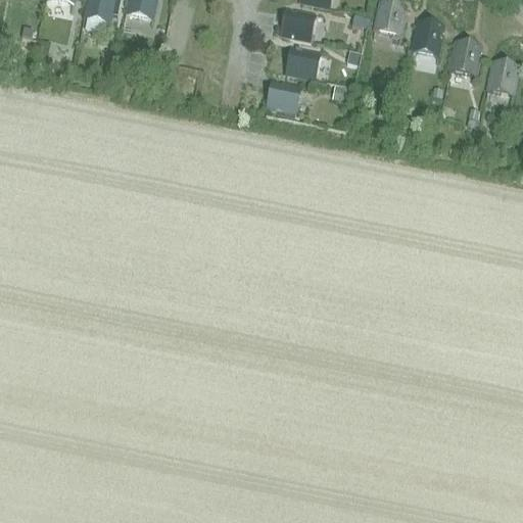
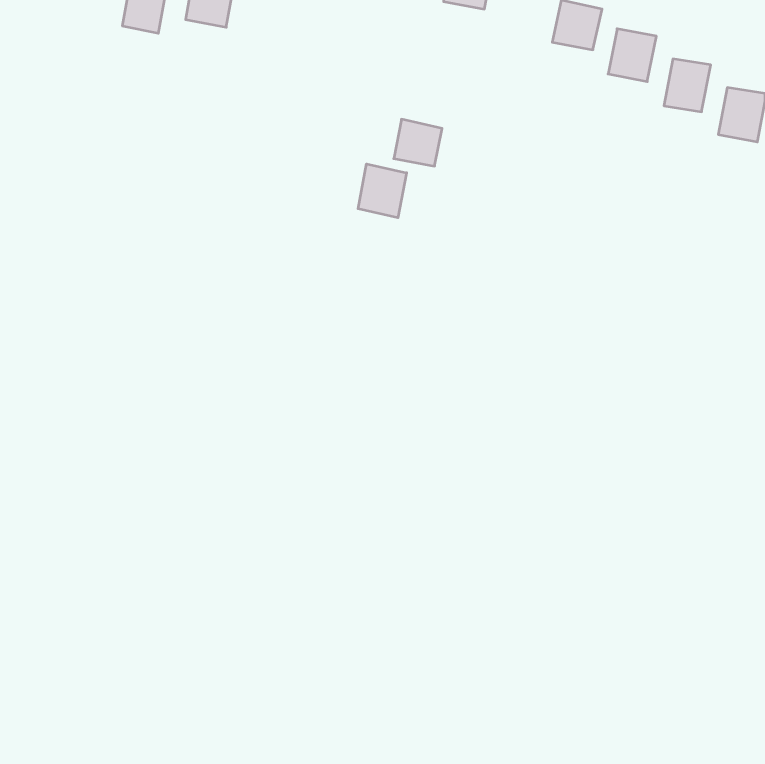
building: [281,7,315,40] -> none
building: [286,48,319,78] -> none
building: none -> [358,164,407,218]

